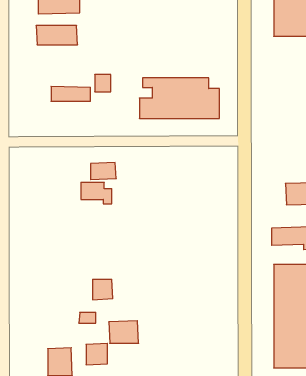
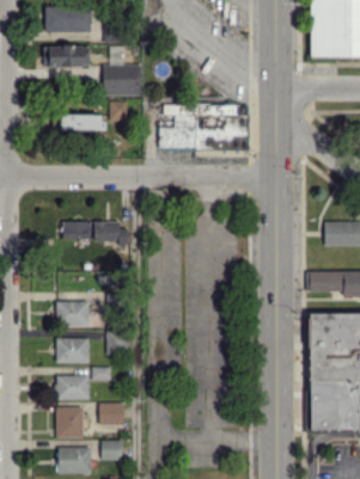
building: none -> [103,65,142,96]
building: [91,163,116,180] -> [62,221,91,240]
building: none -> [56,301,90,326]
building: none -> [56,338,89,363]
building: [109,321,139,343] -> [56,374,90,399]

